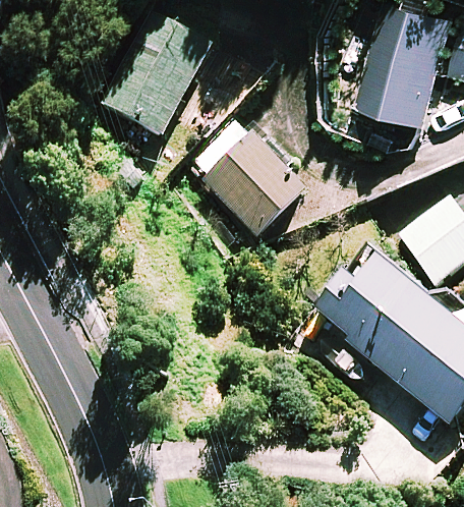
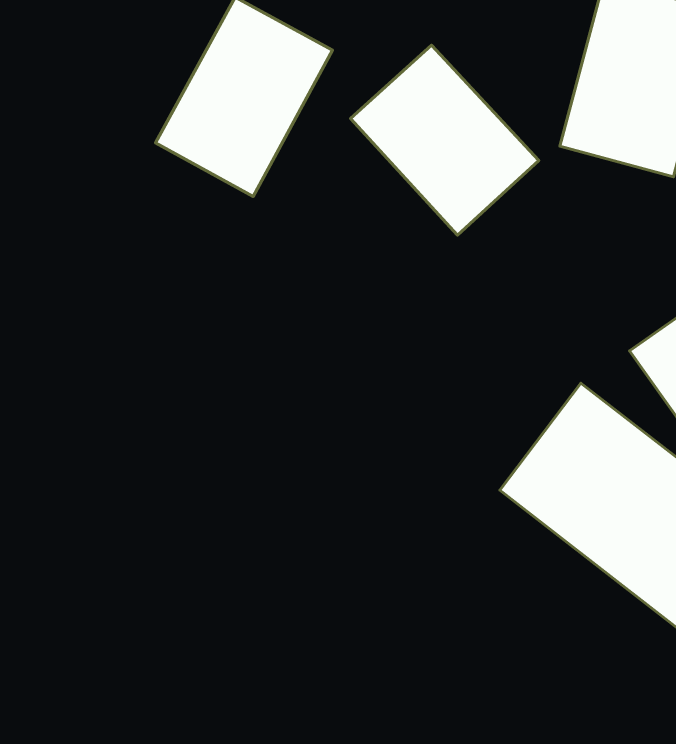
building: [189,117,307,236] -> [350,45,539,235]

